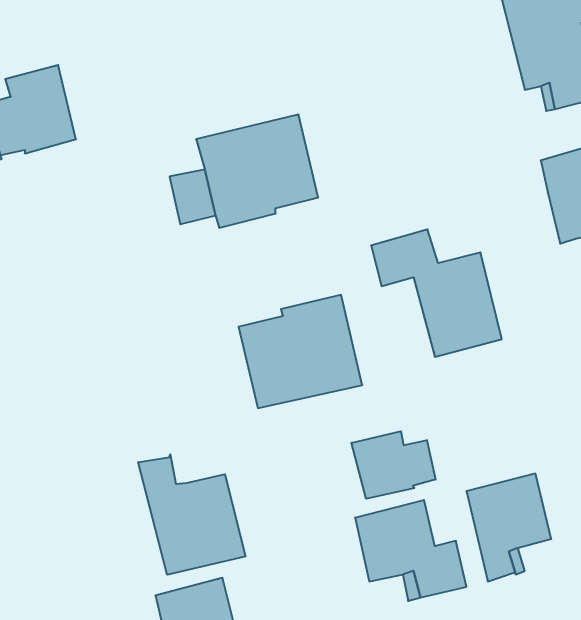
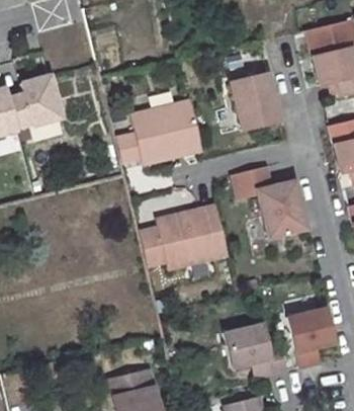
building: none -> [231,75,281,134]
building: [351,431,436,499] -> none
building: [138,454,245,575] -> none

